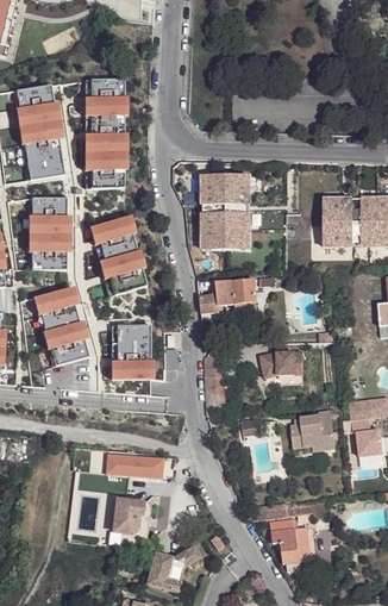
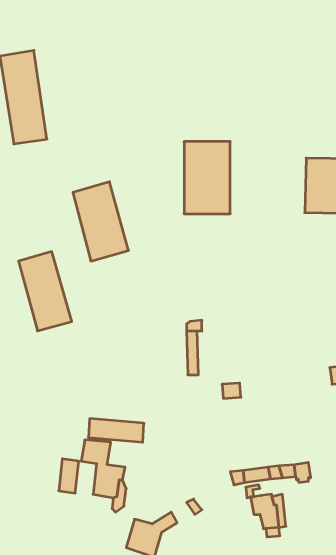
building: [92,79,125,187] -> none
building: [32,196,67,269] -> none
building: [200,277,256,312] -> none
building: [112,324,151,379] -> none
building: [259,352,302,377] -> none
building: [289,414,333,454] -> none

